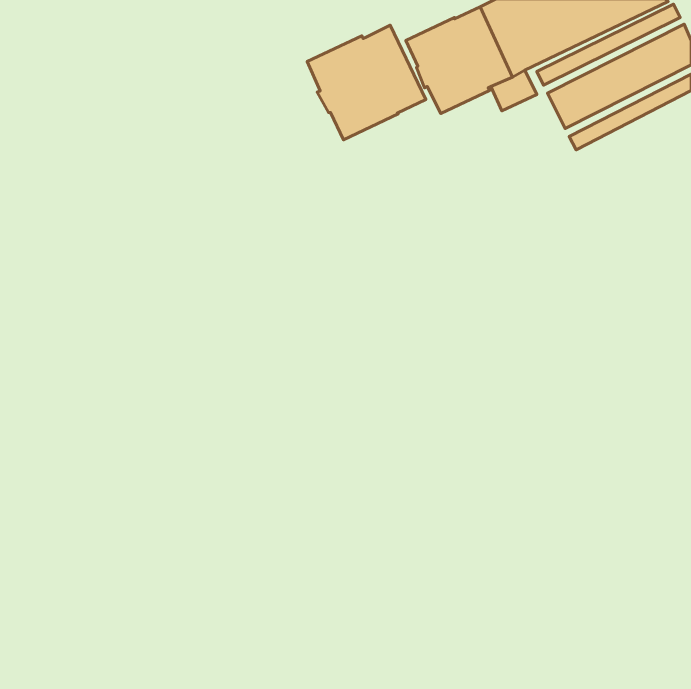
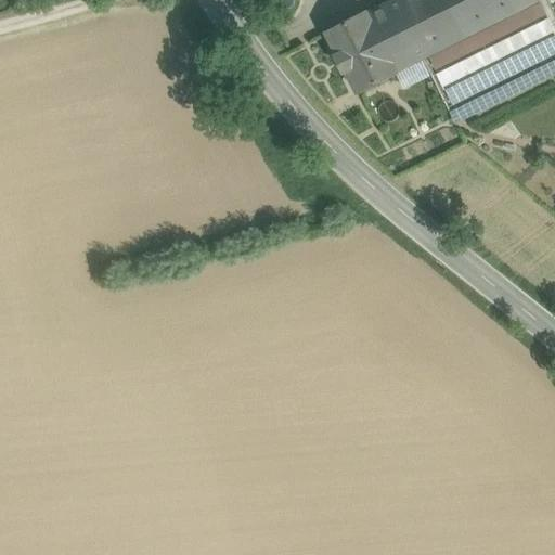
building: [307,25,426,140] -> none

